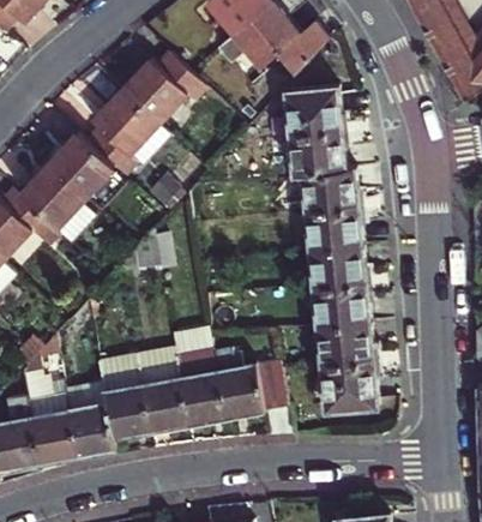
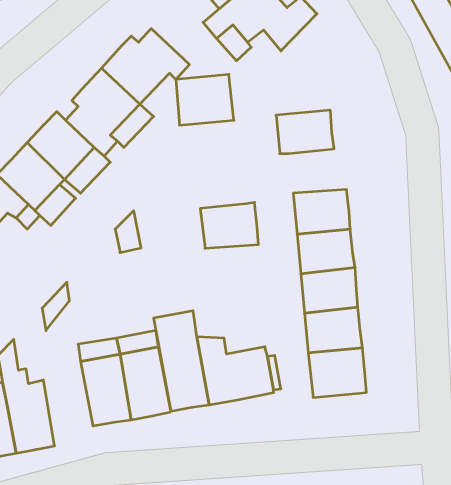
building: [287,86,343,136] -> [176,74,234,125]
building: [302,167,359,211] -> [200,202,258,248]
building: [65,386,115,456] -> none

